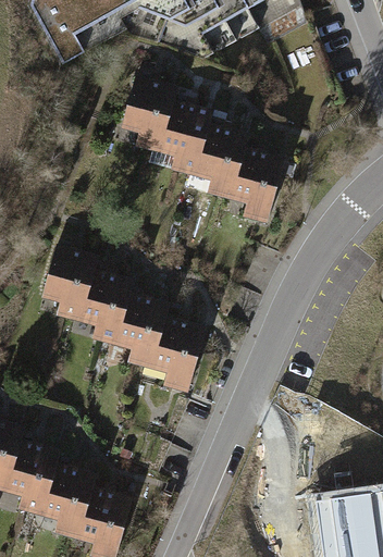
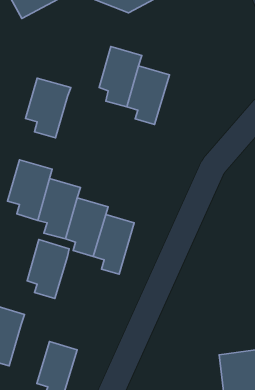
building: [121,75,180,152] -> [25,78,71,138]
building: [232,146,285,223] -> none
building: [44,459,98,535] -> [27,240,69,298]

